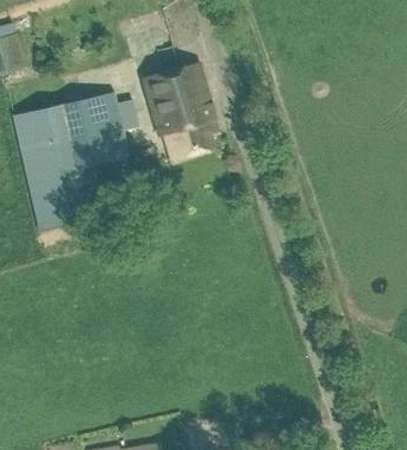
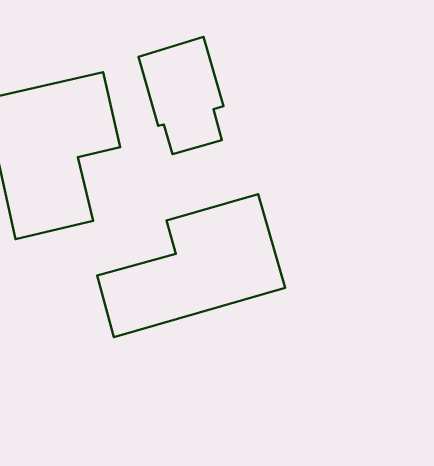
building: none -> [97,194,285,337]

